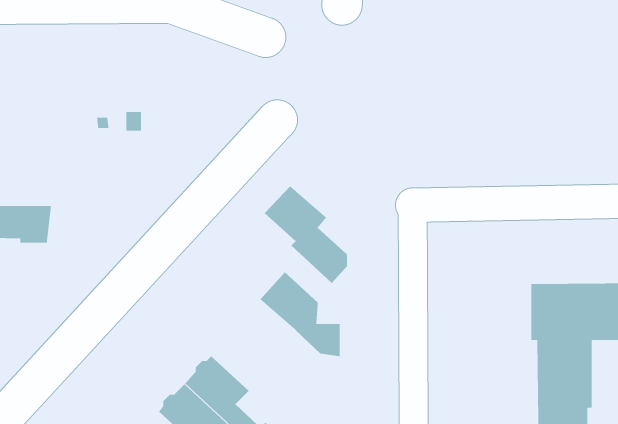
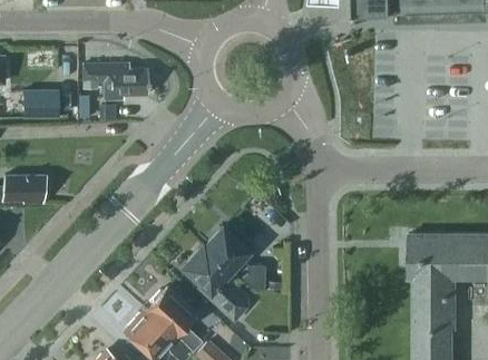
building: none -> [84,65,148,101]
building: none -> [22,90,58,117]
building: [264,185,348,284] -> [183,246,246,321]

